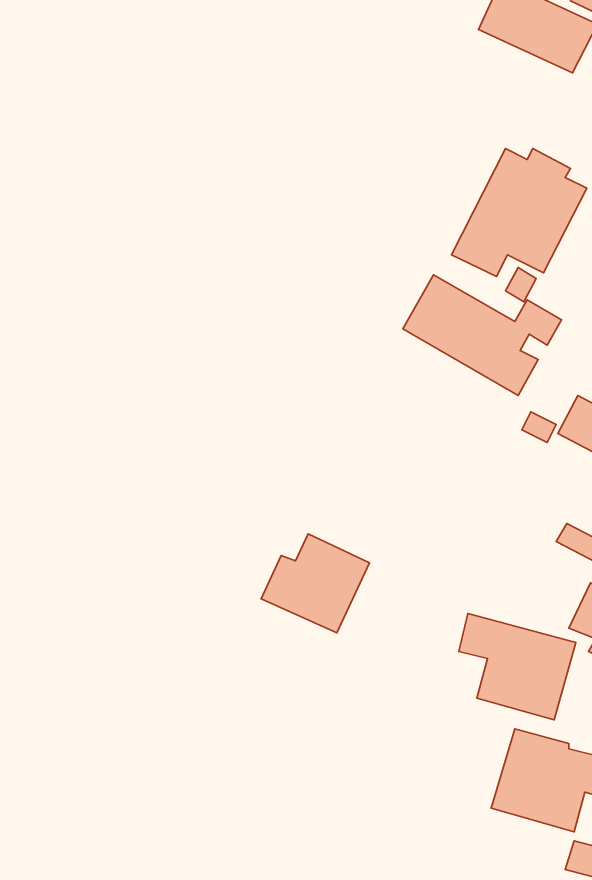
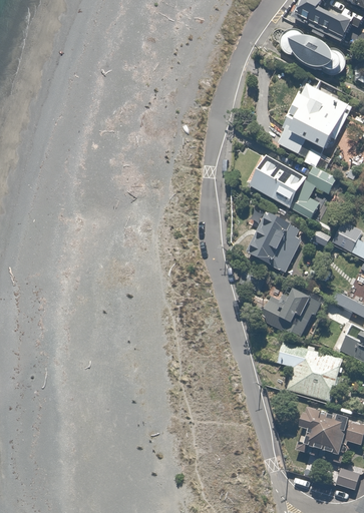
building: none -> [281,31,345,76]
building: none -> [247,213,301,270]
building: [261,534,369,633] -> [260,285,320,340]

